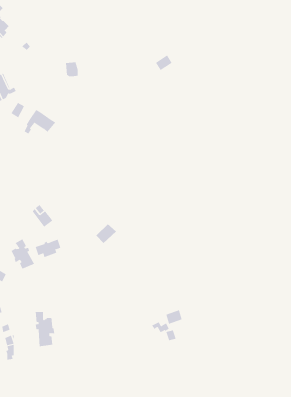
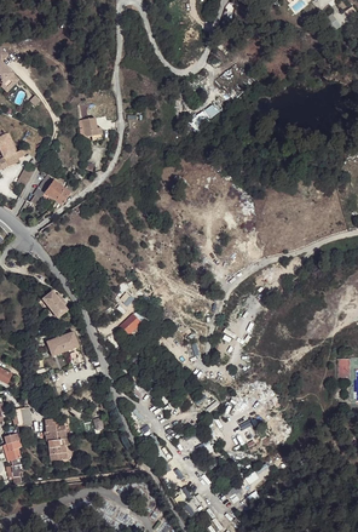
building: [11,238,35,269] -> none

